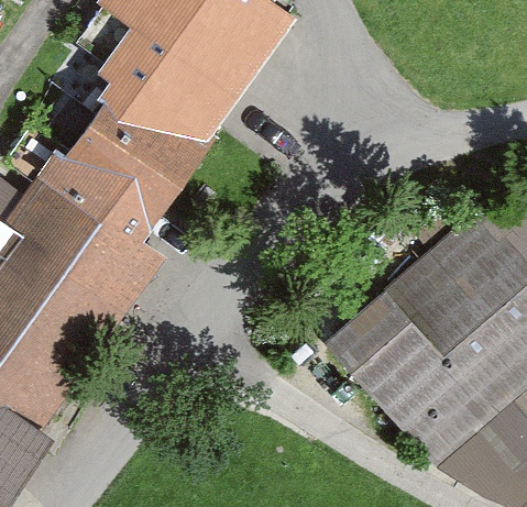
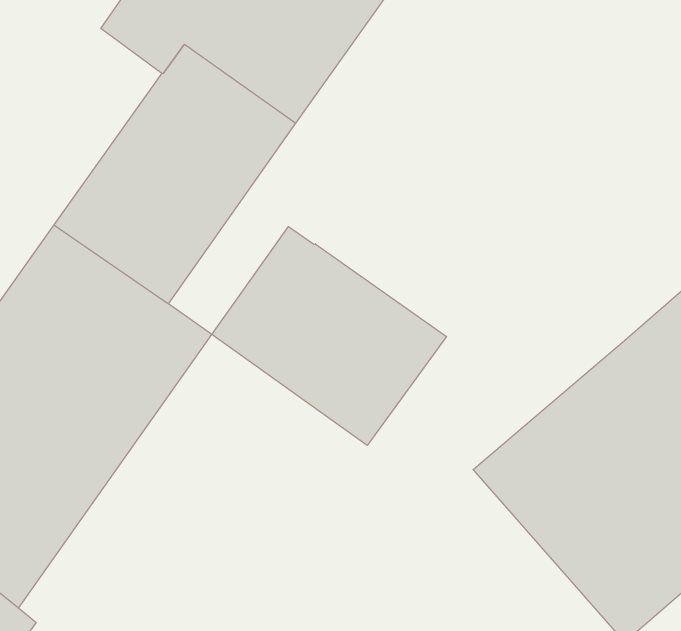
building: none -> [212,227,447,445]

